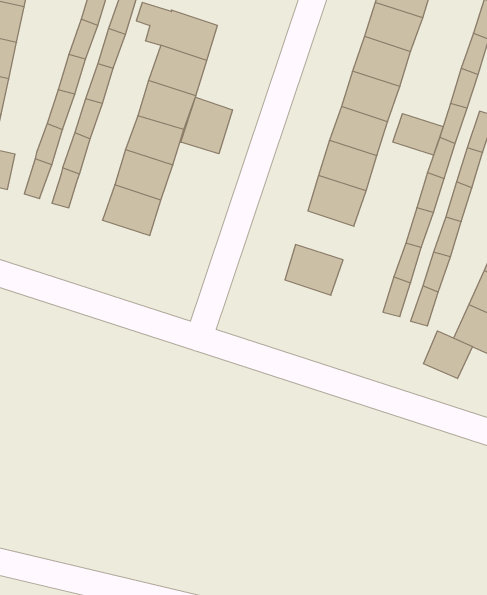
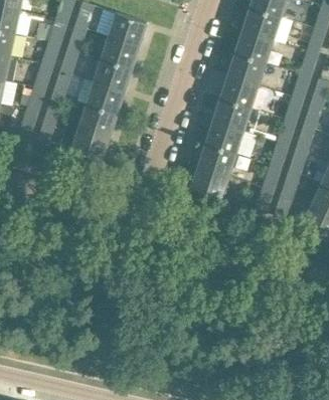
building: [181,97,232,154] -> none
building: [393,114,443,155] -> none
building: none -> [197,145,235,177]
building: [423,331,472,379] -> none

